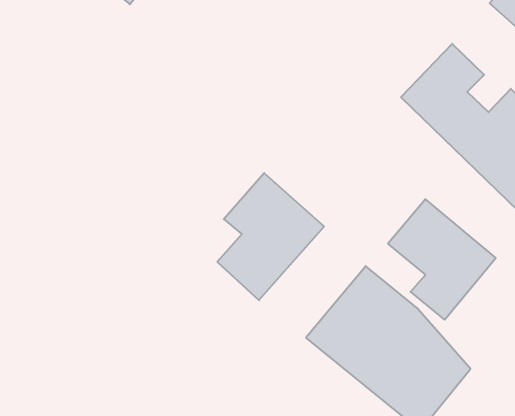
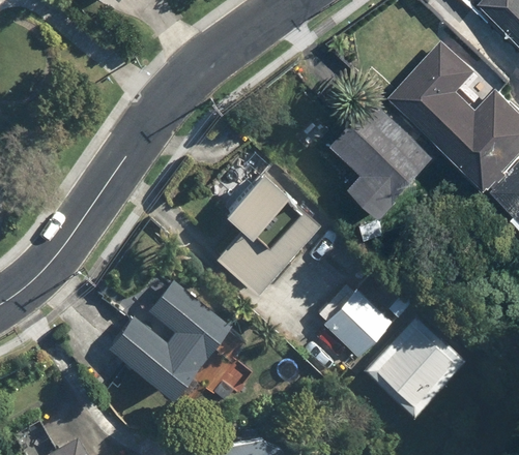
building: [388,199,496,320] -> [331,99,436,216]
building: none -> [108,277,228,400]

